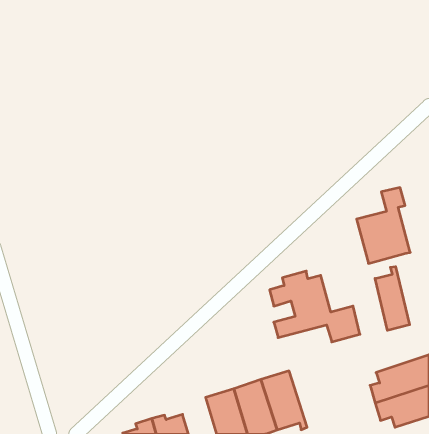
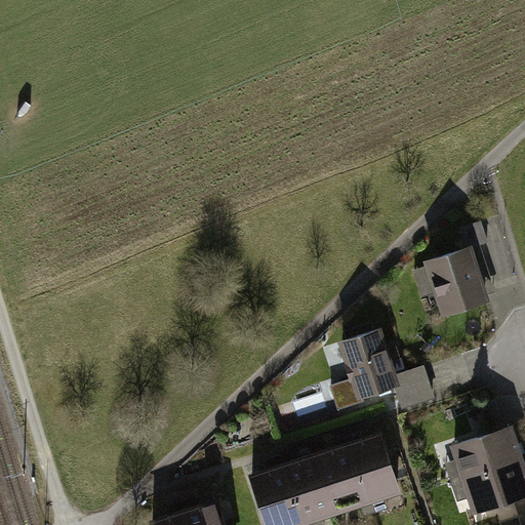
building: [375,267,410,330] -> none
building: none -> [348,436,401,514]

